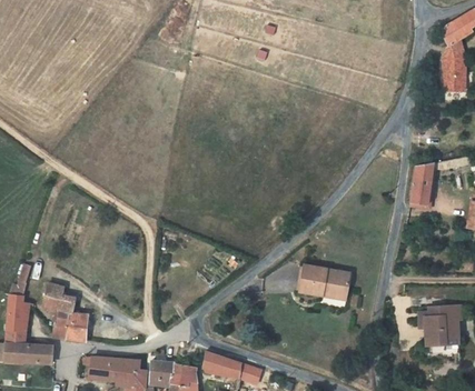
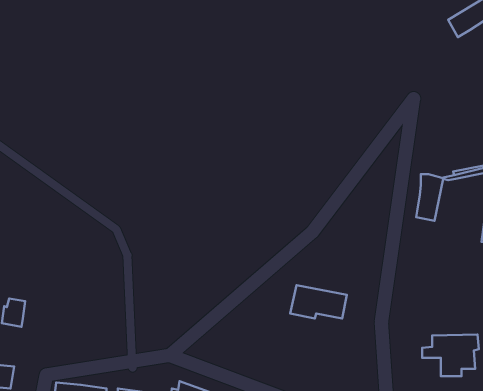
building: [445,38,468,90] -> none
building: [52,298,89,337] -> none

